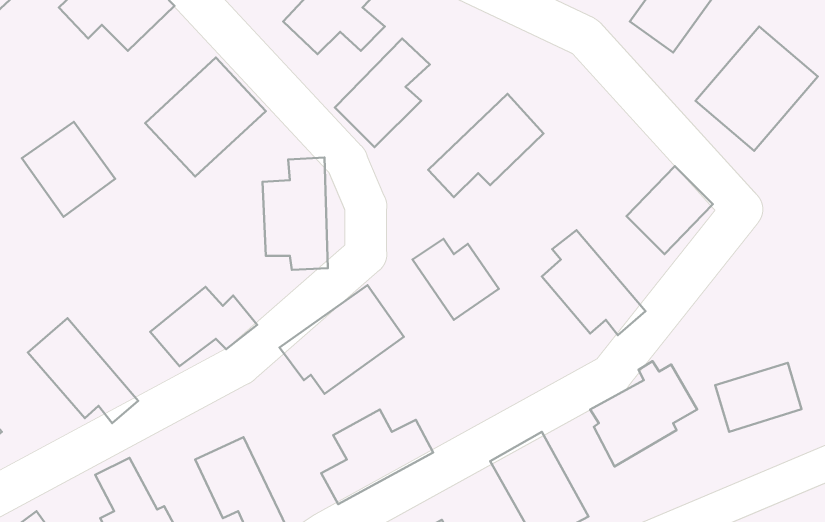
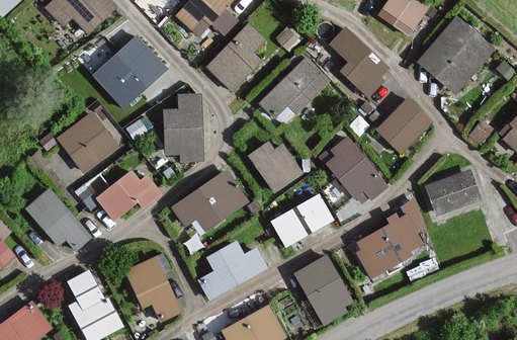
building: none -> [331,28,389,94]
building: [22,122,115,217] -> [61,114,115,170]
building: none -> [274,193,335,244]
building: [715,363,802,432] -> [430,171,481,211]

